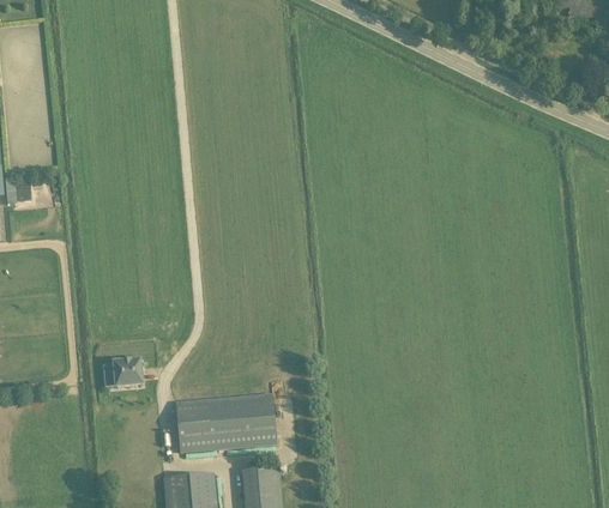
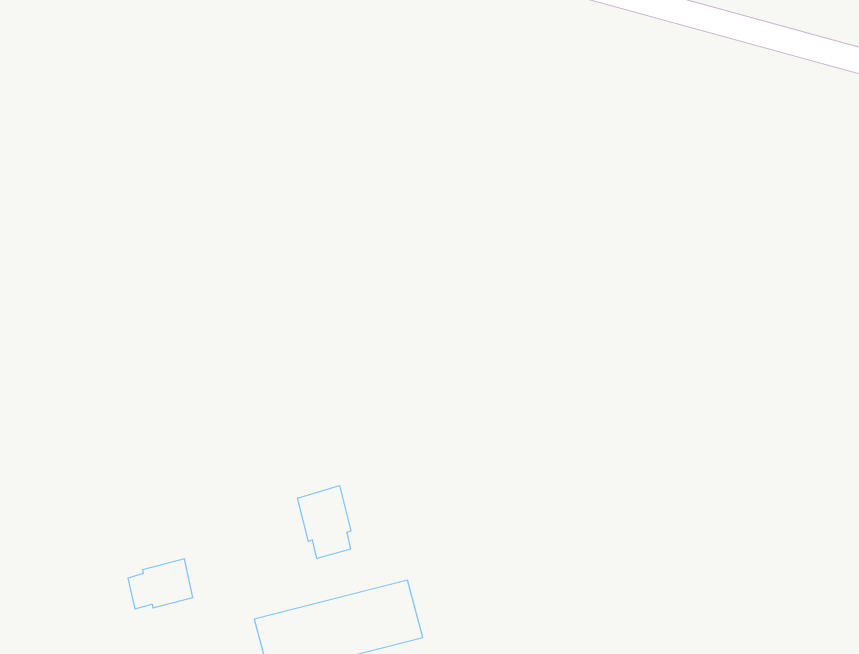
building: none -> [298,486,351,559]

